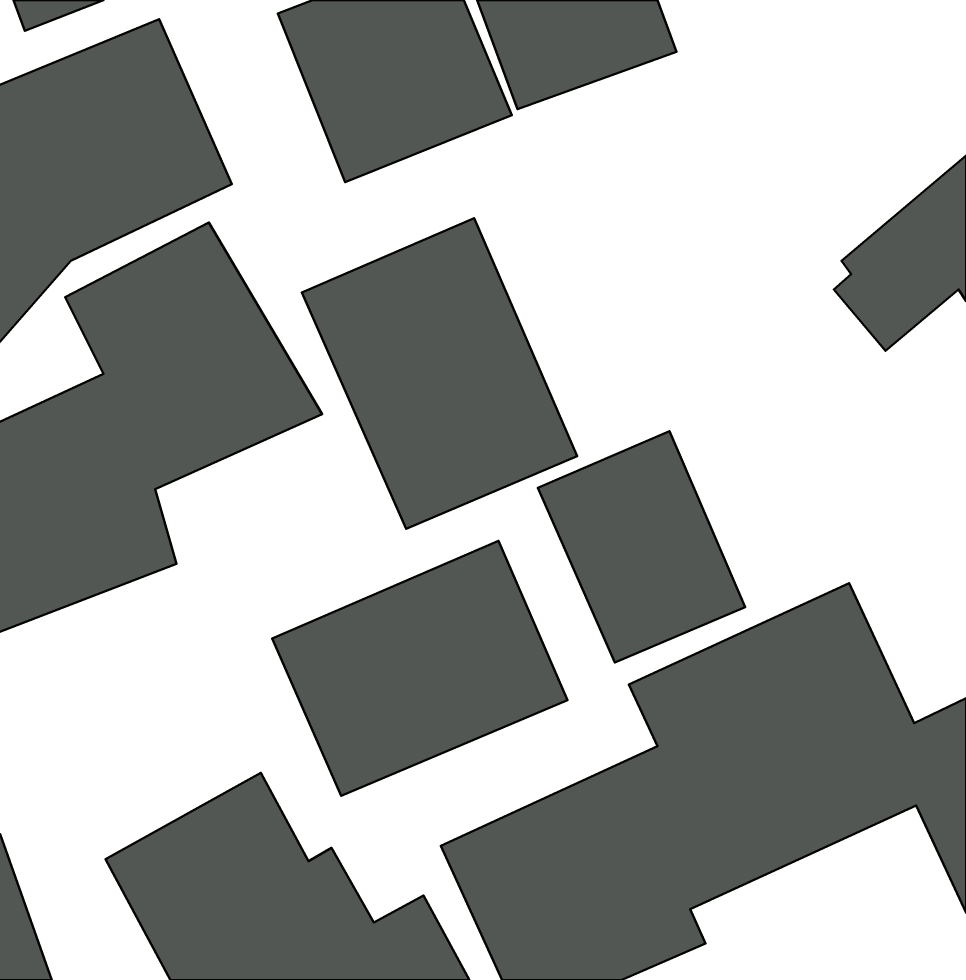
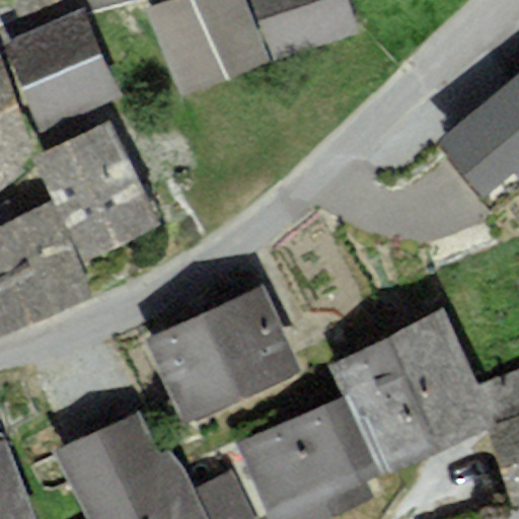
building: [302,218,577,529] -> none
building: [538,431,745,663] -> none

